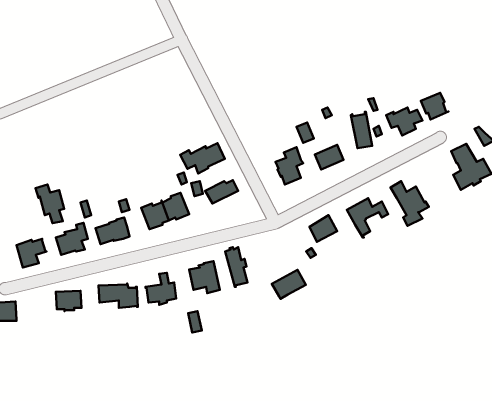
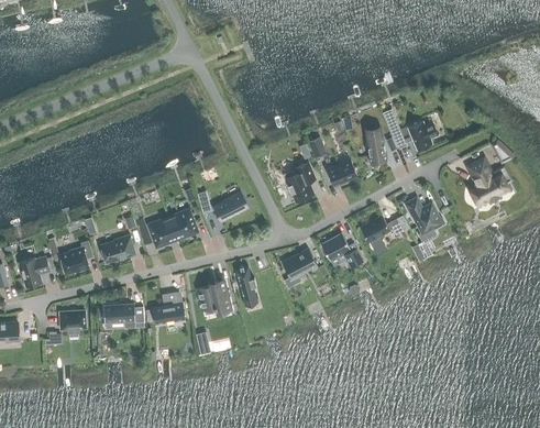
building: [421,93,448,120] -> none
building: [180,143,225,173] -> none
building: [36,185,64,223] -> none
building: [272,270,306,299] -> [282,249,317,278]

